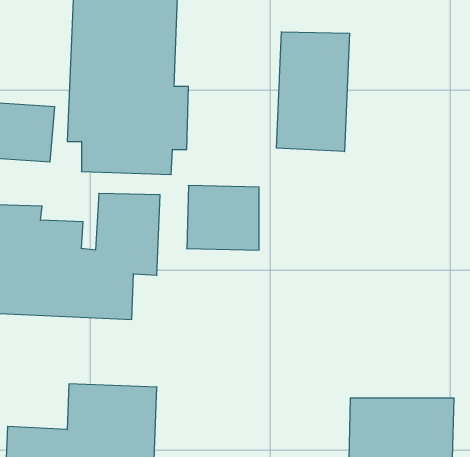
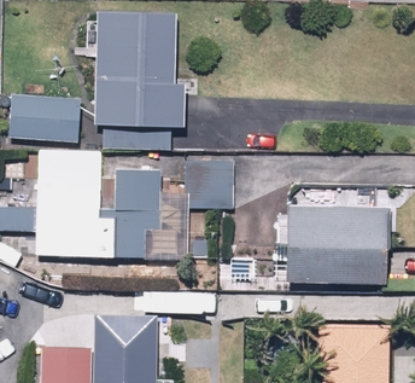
building: [277,32,349,152] -> none
building: none -> [279,201,391,288]

